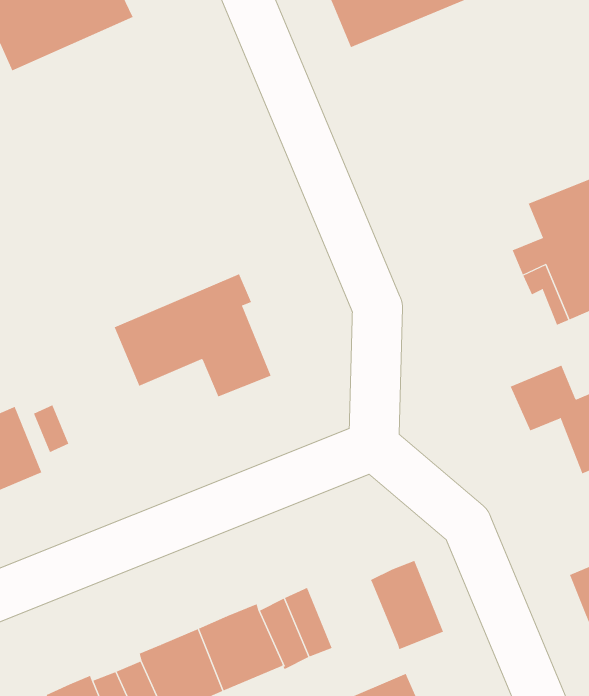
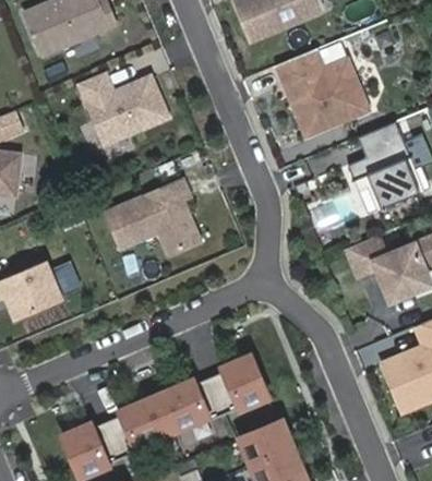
building: none -> [277,48,368,134]
building: none -> [79,70,169,144]
building: [370,560,444,650] -> [223,356,267,410]

